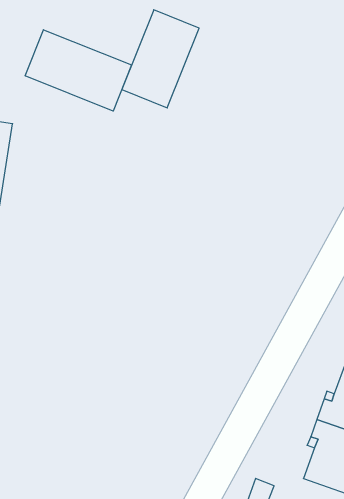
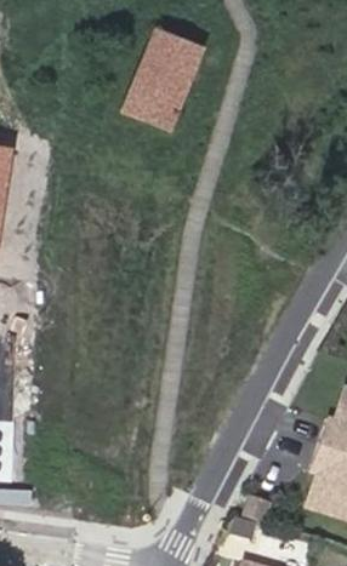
building: [25,30,131,111] -> none

